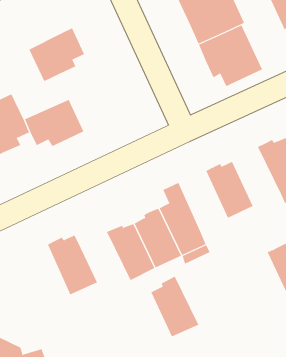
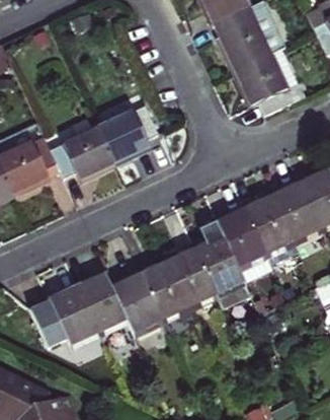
building: [28,27,85,82] -> [98,106,158,163]
building: none -> [271,180,322,242]
building: none -> [215,205,266,269]
building: none -> [30,283,99,350]
building: [150,276,199,337] -> [111,270,163,335]

